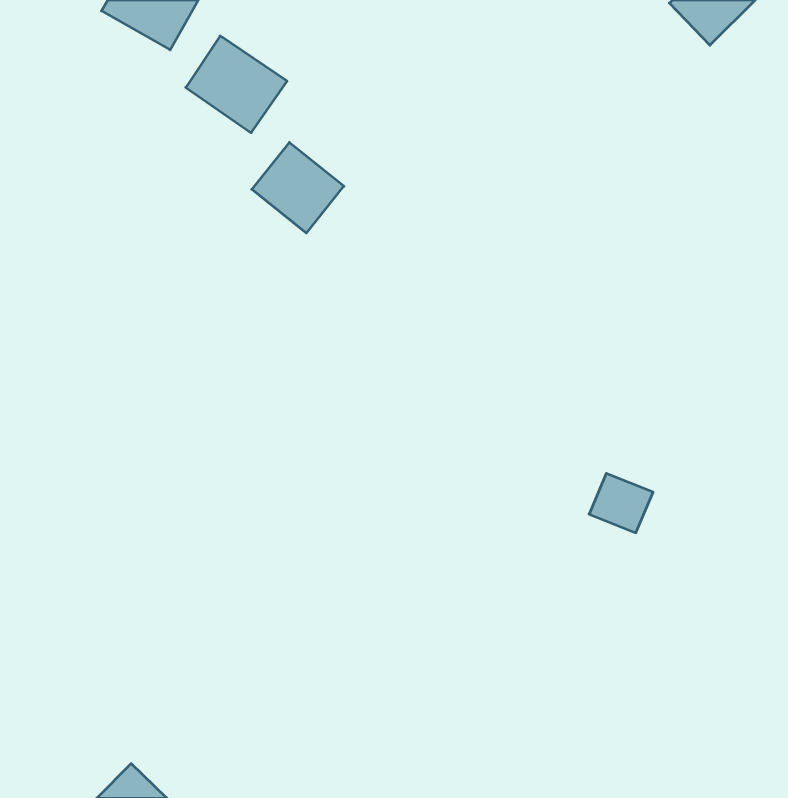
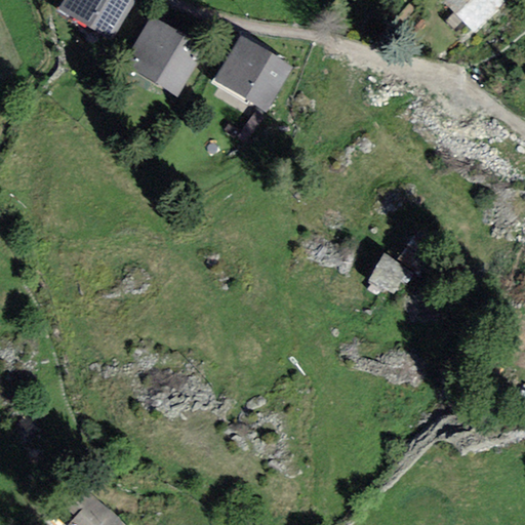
building: [252,142,344,233] -> [213,45,274,105]
building: [589,473,653,533] -> [378,251,420,290]

